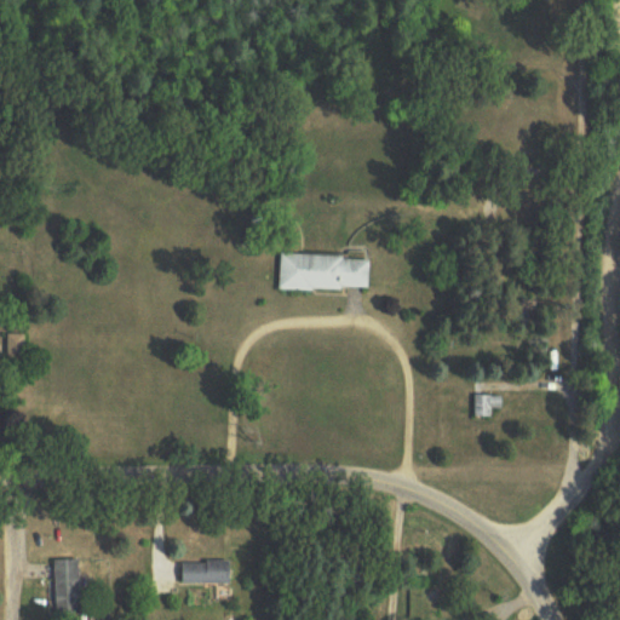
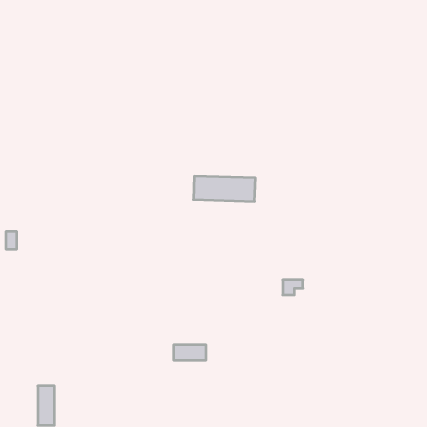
building: [473,395,503,417] -> [283,280,303,295]
building: [182,559,229,581] -> [174,345,206,360]

